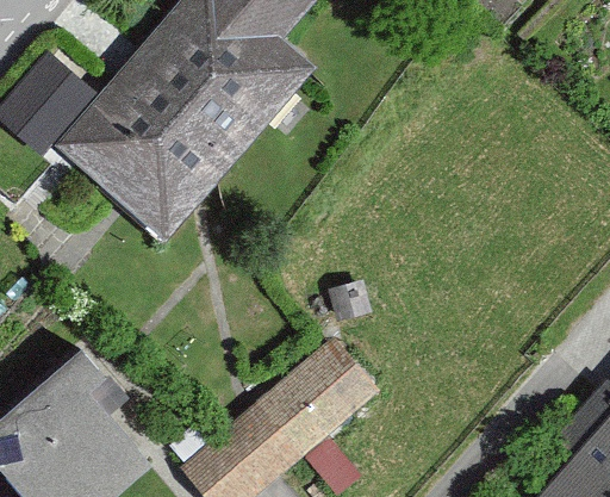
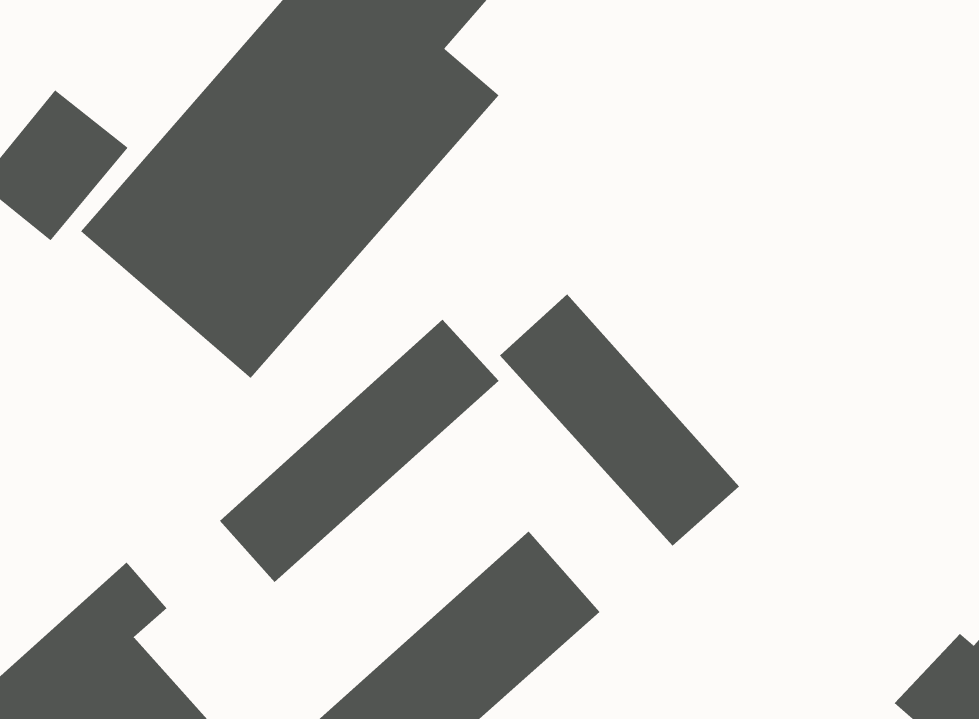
building: none -> [499,294,740,547]
building: none -> [219,319,499,583]

